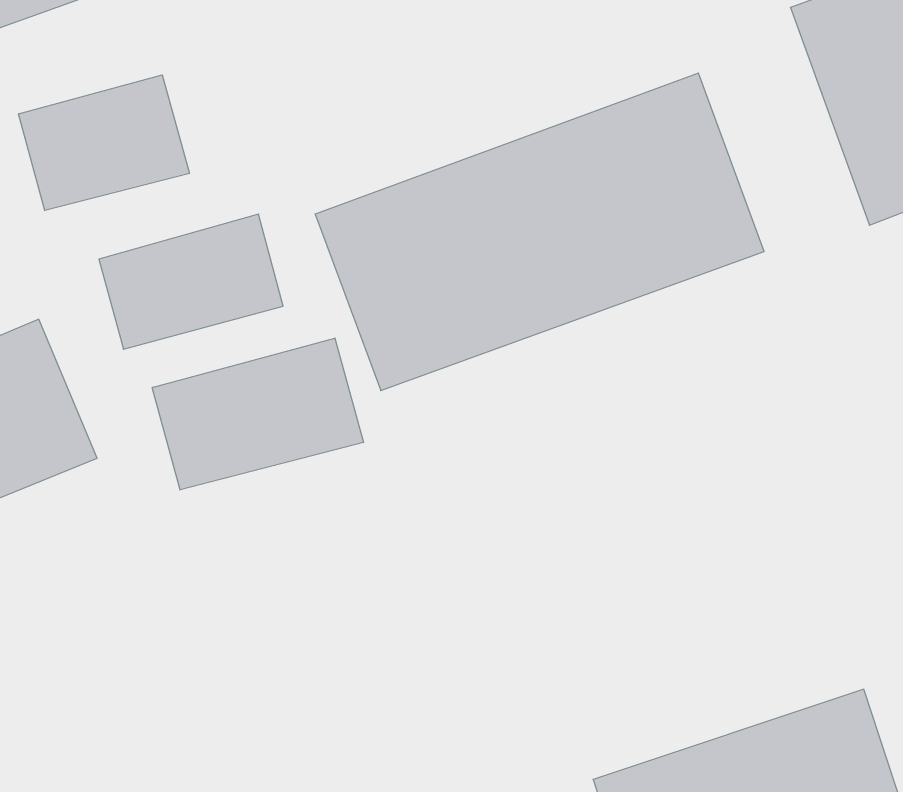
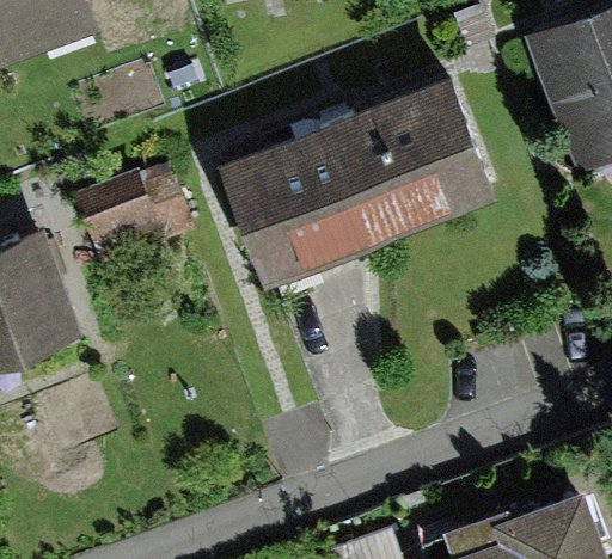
building: [19,75,189,211] -> none
building: [152,338,364,490] -> none

